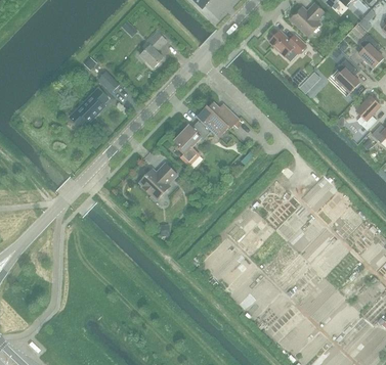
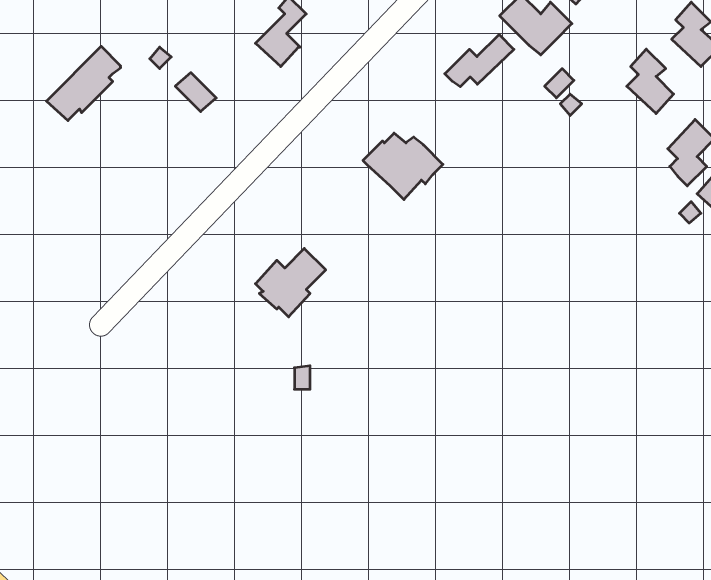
building: none -> [445,34,514,87]
building: [70,88,109,127] -> [46,46,121,121]
building: [174,119,211,166] -> none

